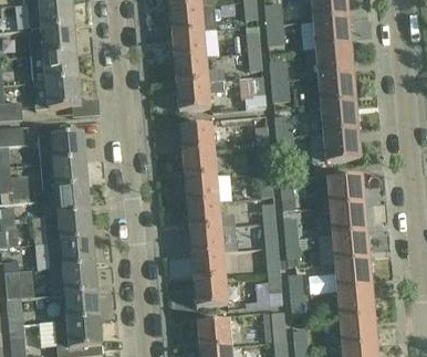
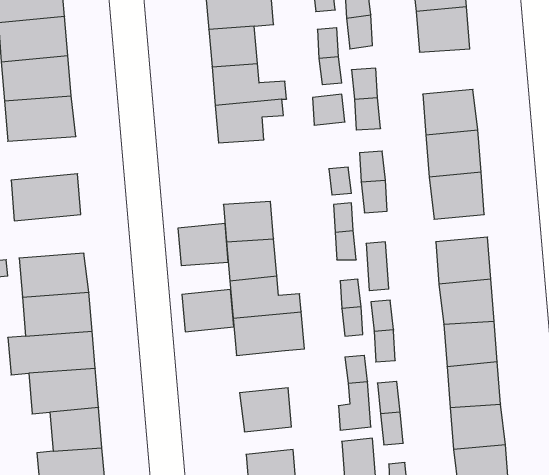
building: [315,46,352,77] -> none
building: [179,124,214,153] -> [178,223,228,266]
building: [39,159,86,189] -> none
building: [190,252,226,281] -> [182,290,234,332]

